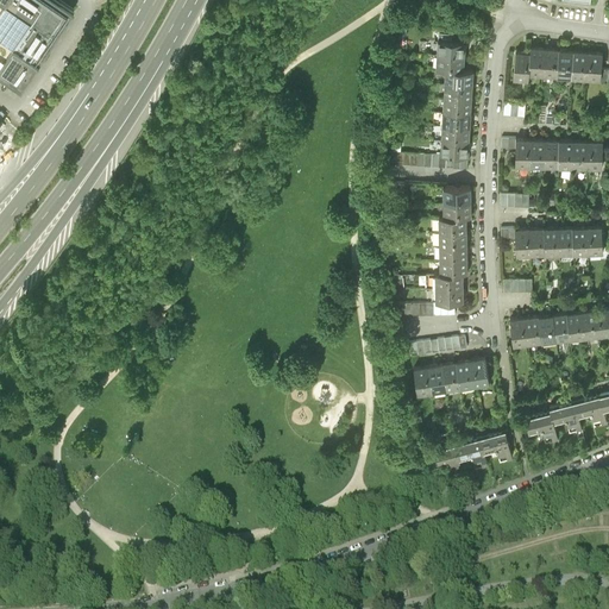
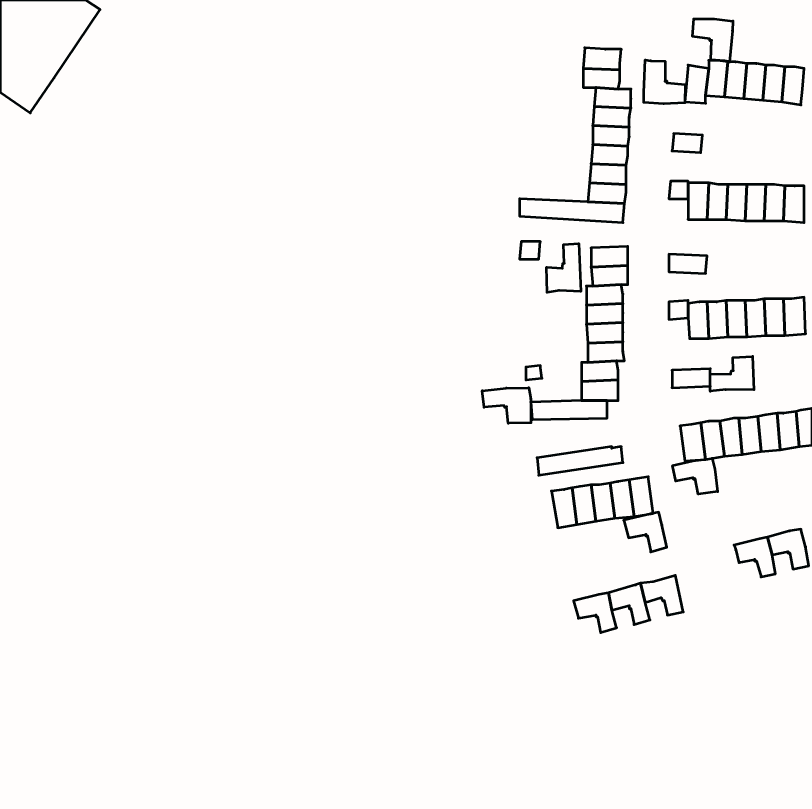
building: none -> [693,19,733,62]
building: none -> [644,60,685,104]
building: none -> [547,244,581,292]
building: none -> [710,356,754,391]
building: none -> [482,388,531,423]
building: none -> [673,458,718,494]
building: [525,414,557,444] -> [624,512,667,552]

